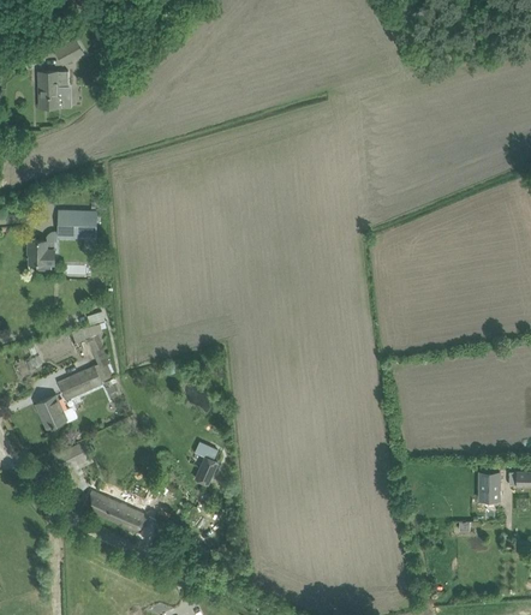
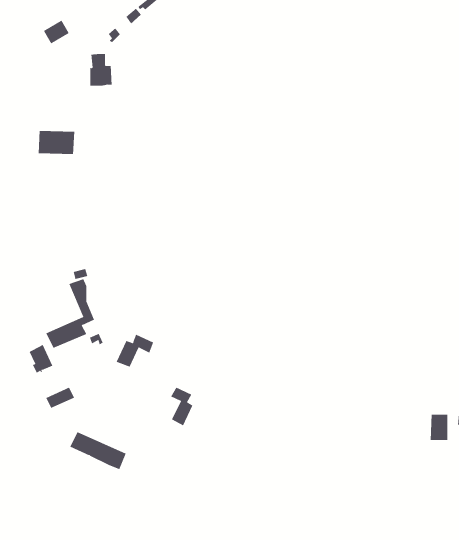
building: [38,71,64,107] -> [90,53,113,86]
building: [55,209,96,235] -> [38,130,75,154]
building: [28,239,54,269] -> none
building: none -> [116,334,154,368]

